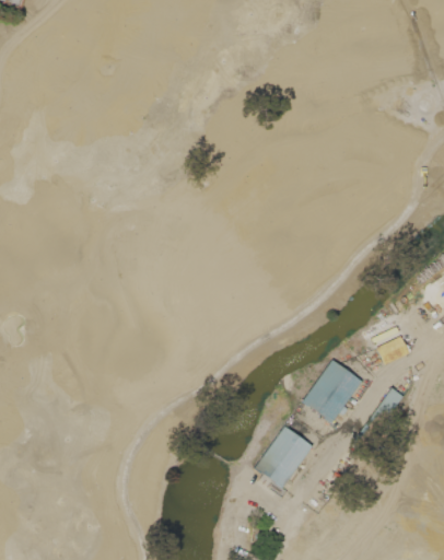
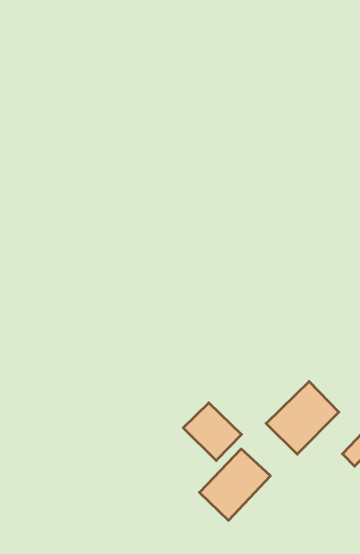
building: none -> [183,403,242,461]

